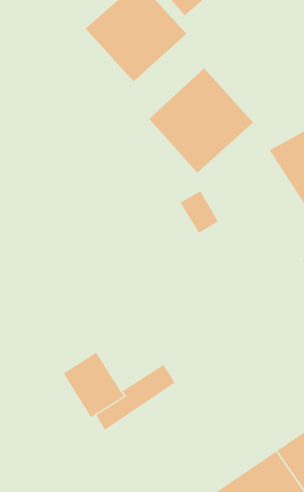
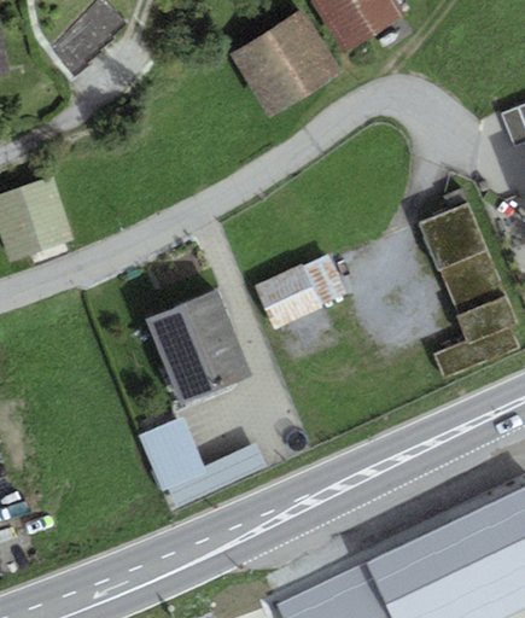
building: [148,67,254,174] -> none
building: none -> [255,263,322,327]
building: none -> [146,290,252,406]

